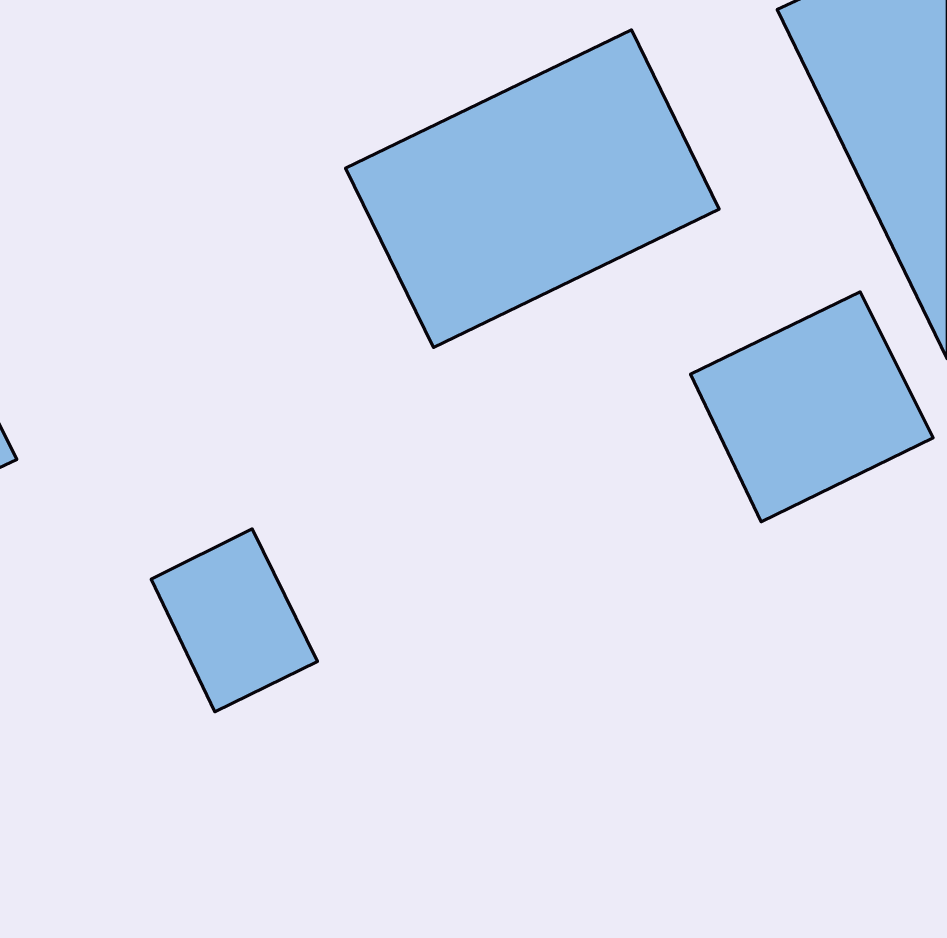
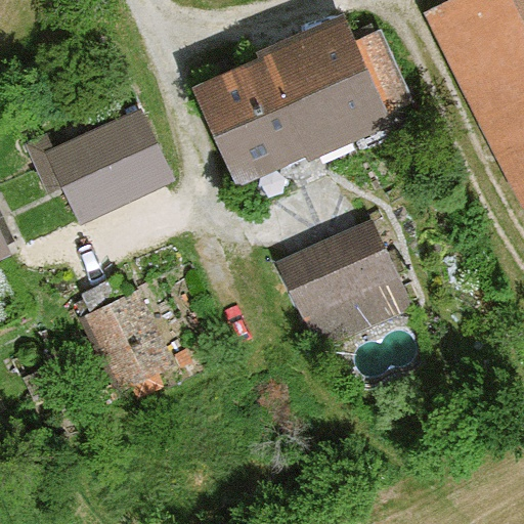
building: none -> [31,90,177,232]
building: [690,292,933,522] -> [279,218,412,344]

